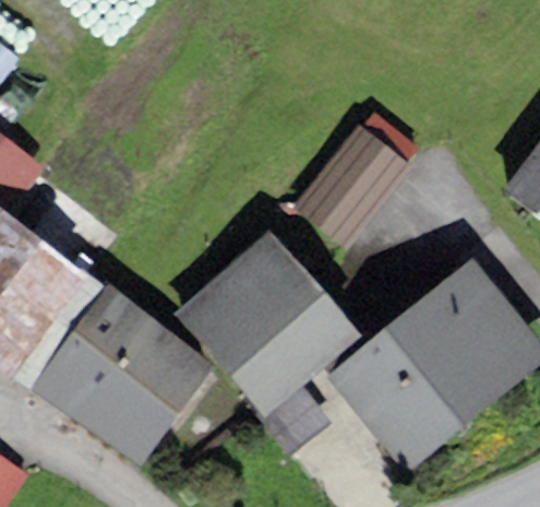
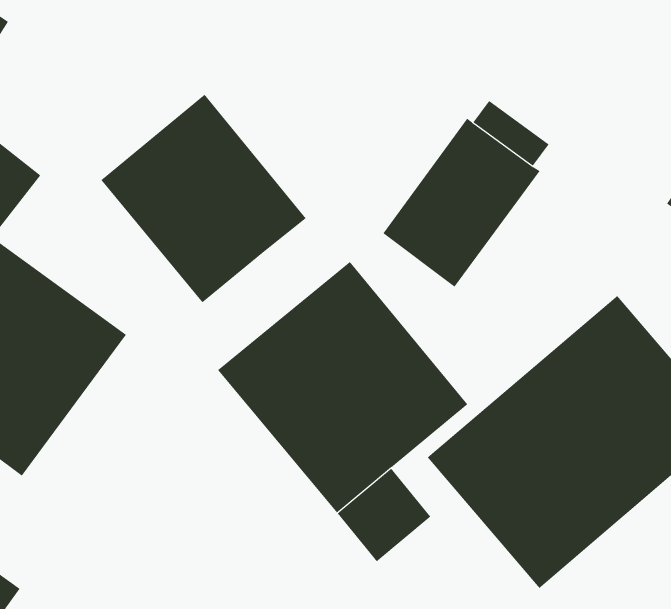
building: none -> [101,94,306,303]
building: [28,285,213,469] -> none

